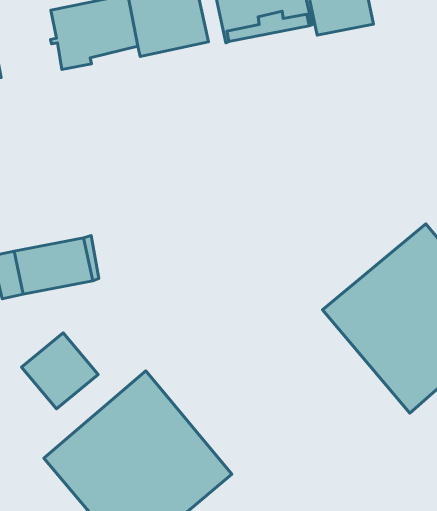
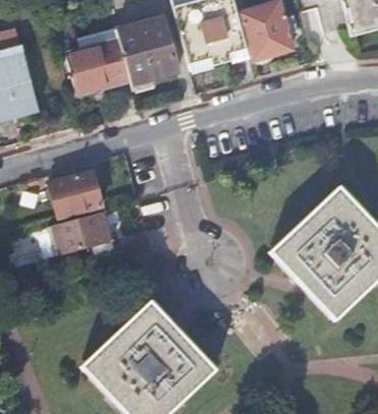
building: none -> [50,172,101,219]
building: [22,333,98,409] -> none

